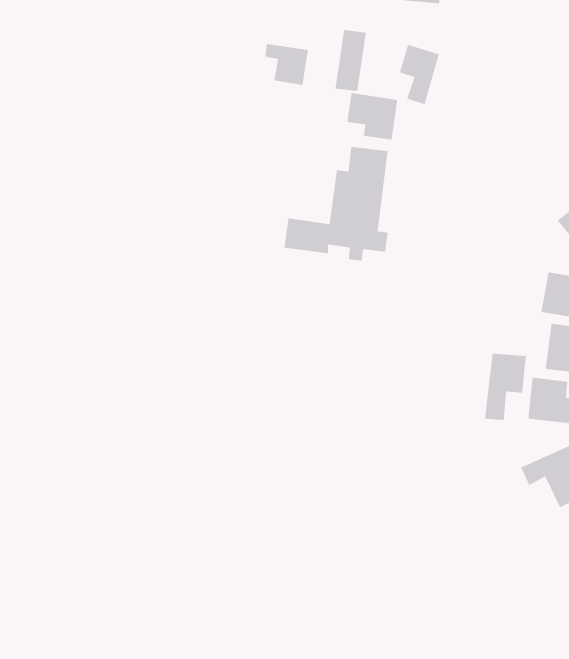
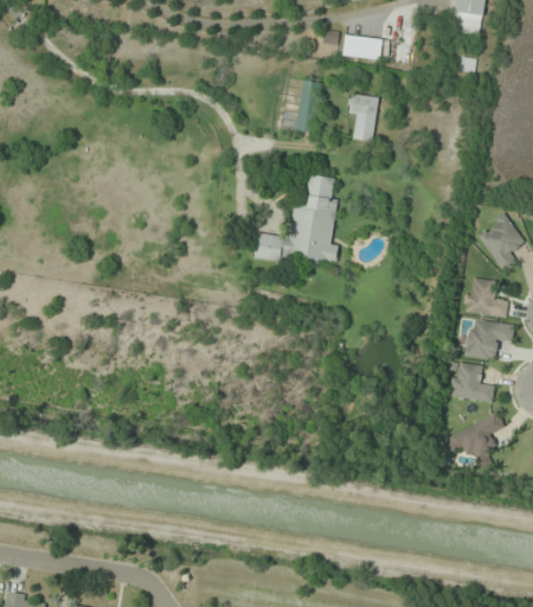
building: [265,43,309,86] -> none
building: [347,92,398,141] -> none
building: [484,353,527,421] -> none

